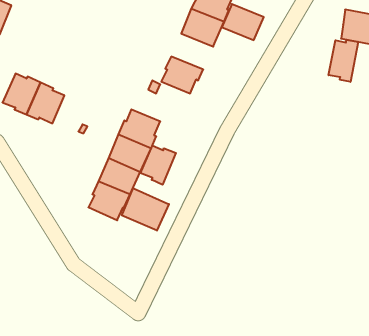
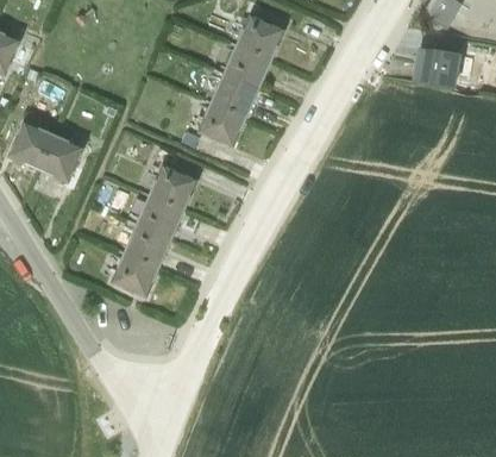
building: [222,4,264,40] -> [209,75,259,118]
building: [329,40,358,82] -> none
building: [141,145,176,185] -> none
building: [122,188,169,231] -> none

